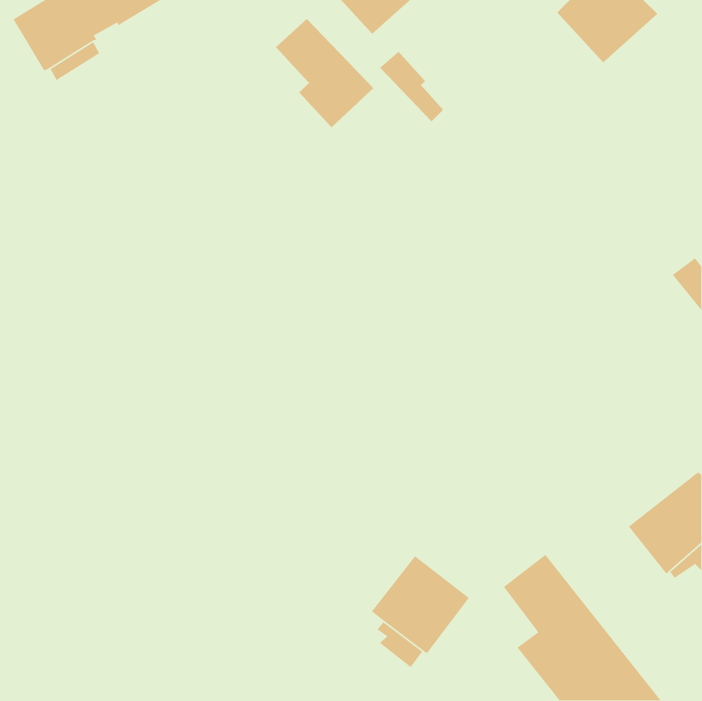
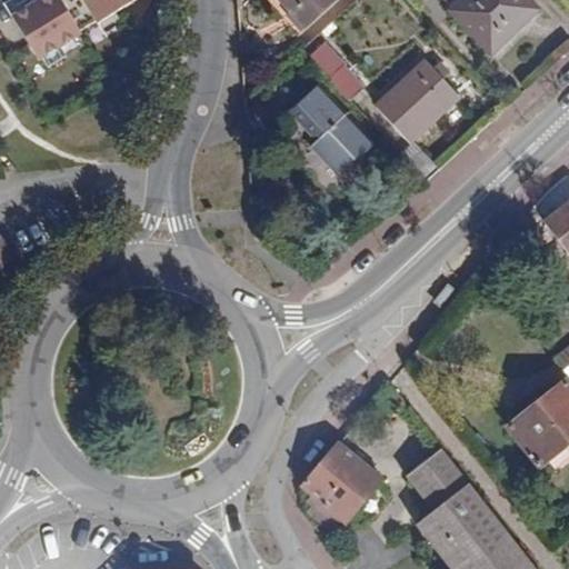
building: [275,18,374,128] -> [291,83,371,172]
building: none -> [376,63,457,142]

